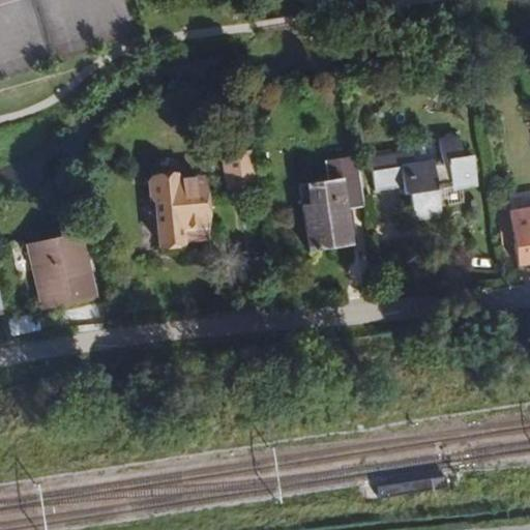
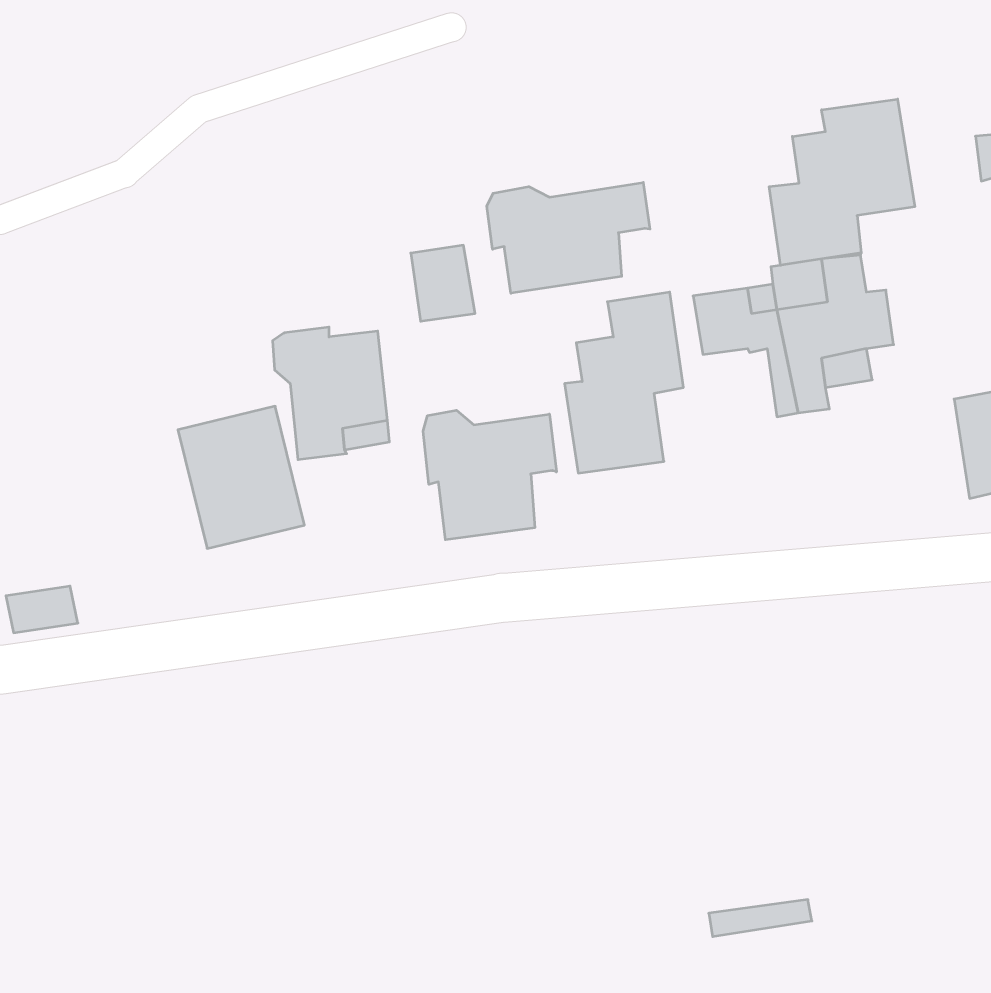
building: none -> [769,99,915,265]
building: none -> [487,182,650,293]
building: none -> [423,410,556,540]
building: [29,232,96,307] -> [178,406,304,548]

